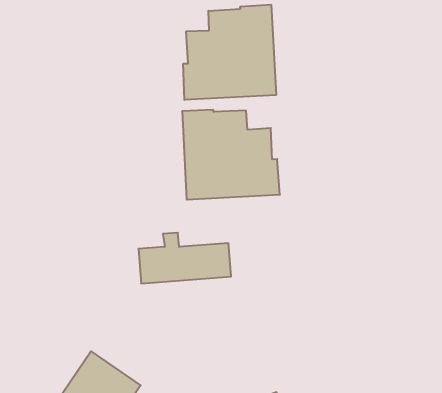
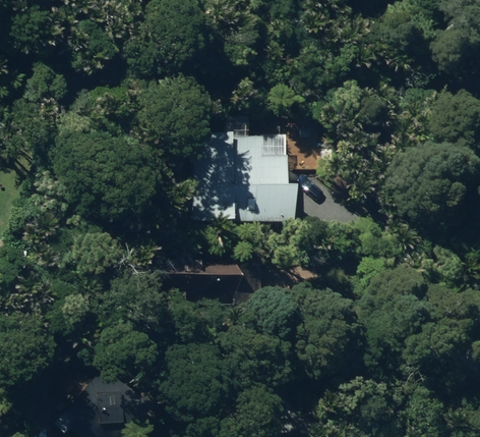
building: [183,5,276,100] -> none

